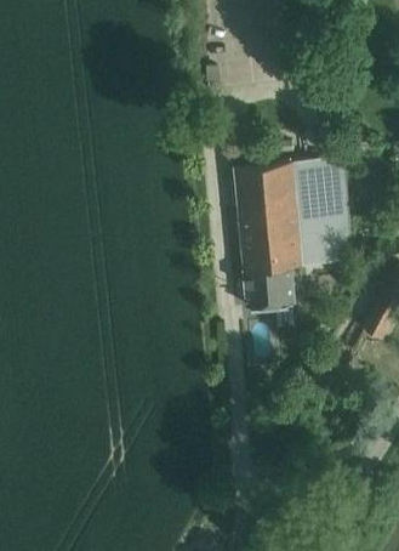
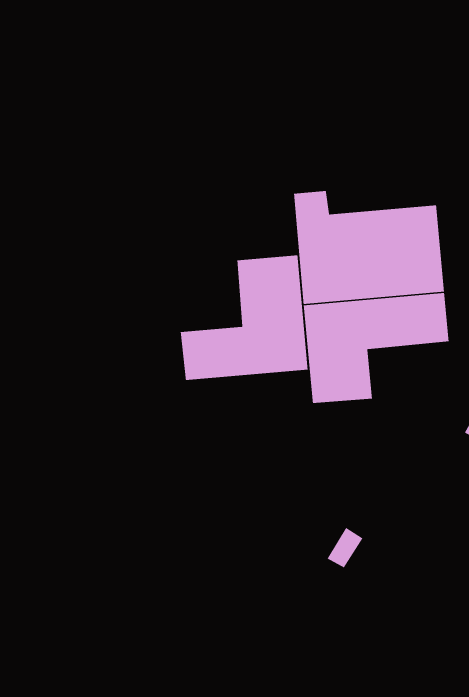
building: none -> [180,255,309,381]

